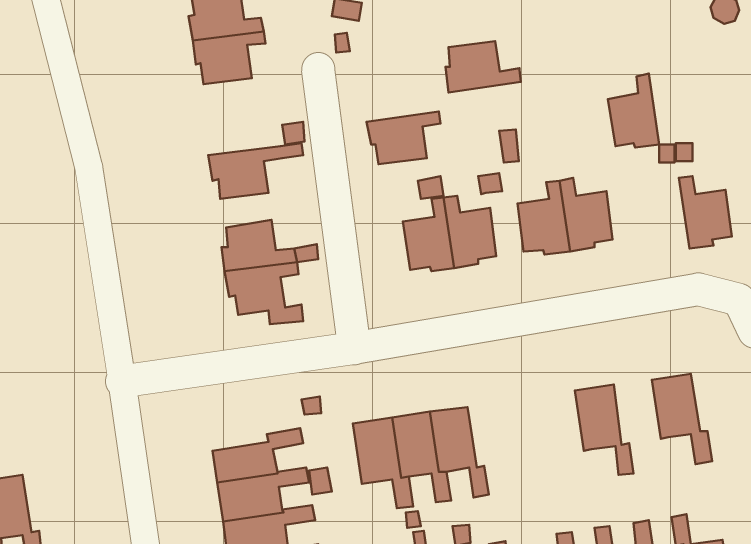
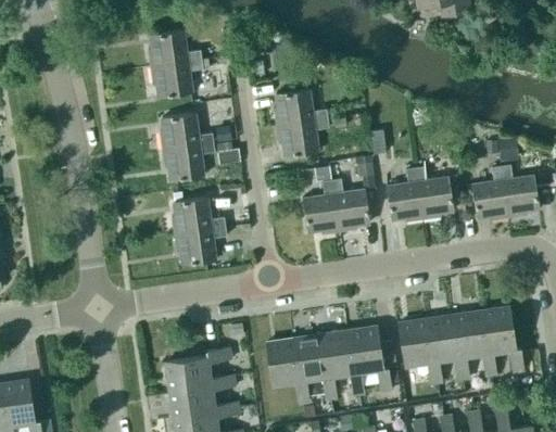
building: [445,41,521,92] -> [274,88,328,125]
building: [608,74,659,148] -> [471,165,508,218]
building: none -> [160,112,214,149]
building: none -> [454,310,496,376]
building: none -> [397,318,441,383]
building: none -> [349,326,397,391]

